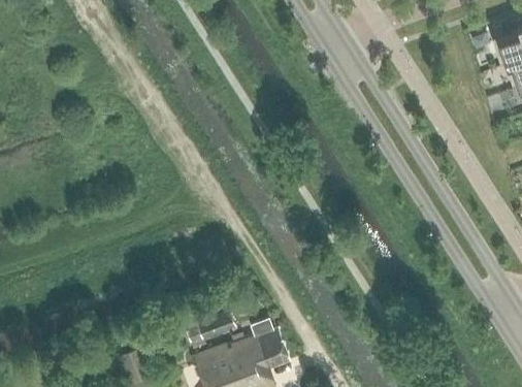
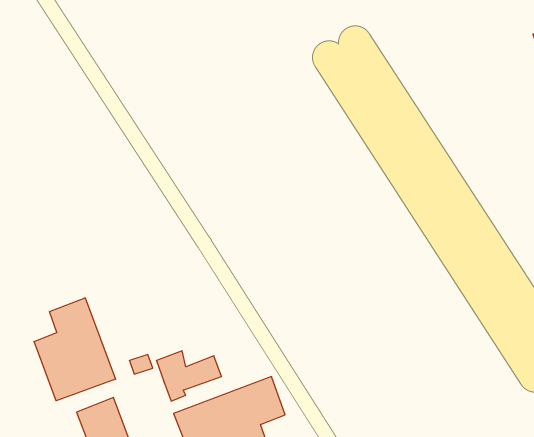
building: none -> [34,298,116,401]

